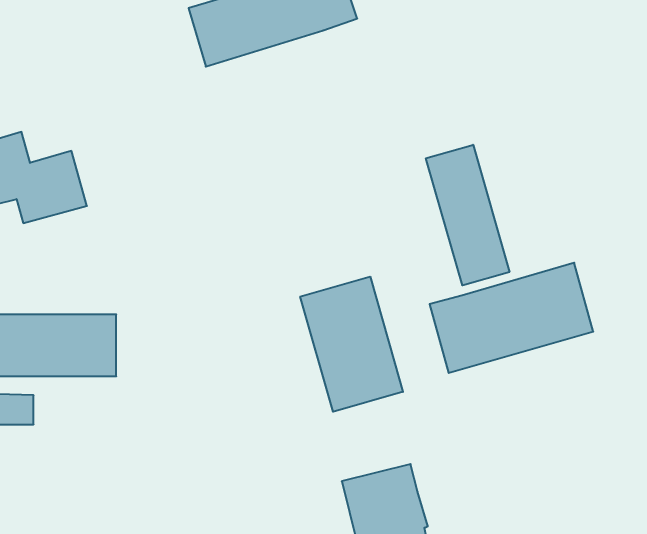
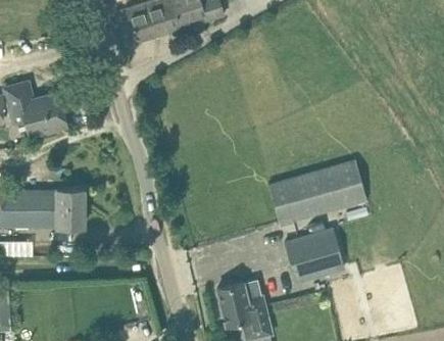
building: [426,145,509,285] -> none
building: [300,277,403,412] -> none
building: none -> [285,230,343,283]

